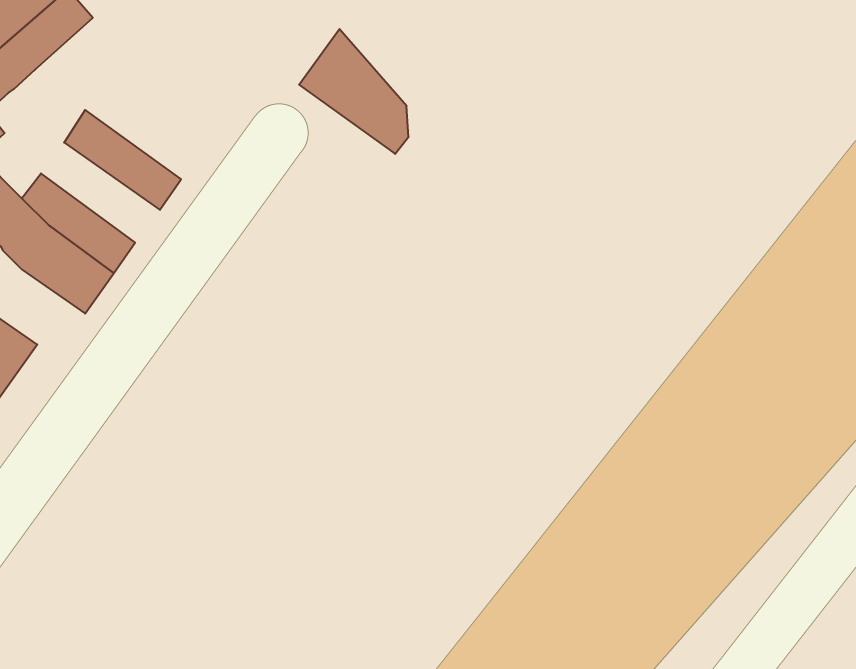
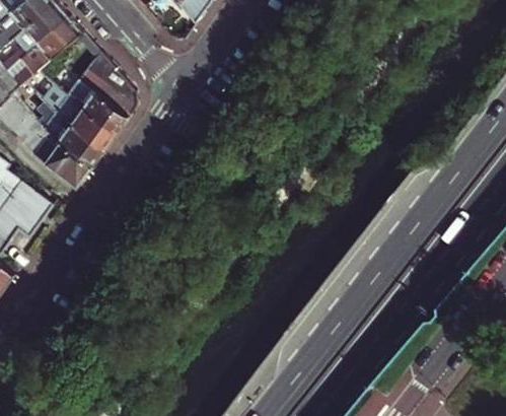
building: [299,29,409,154] -> [76,50,134,116]
building: none -> [53,96,116,149]

